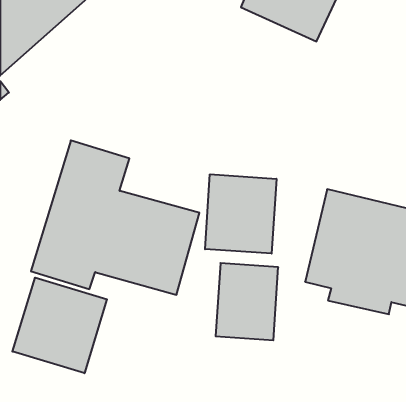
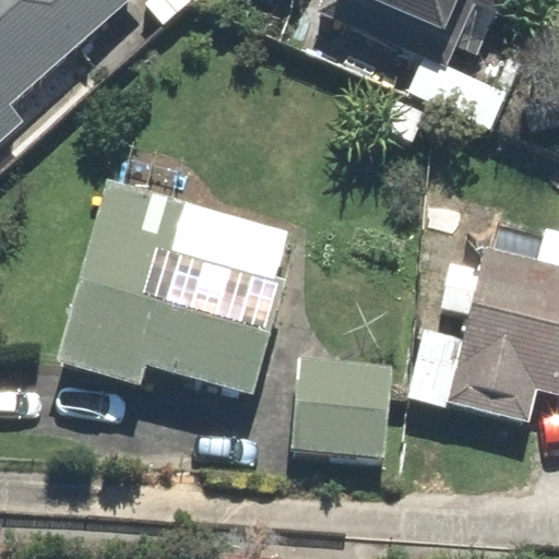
building: [205,174,276,254] -> none
building: [12,278,107,373] -> none

